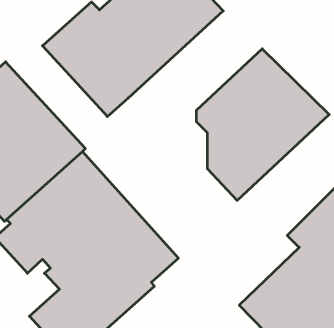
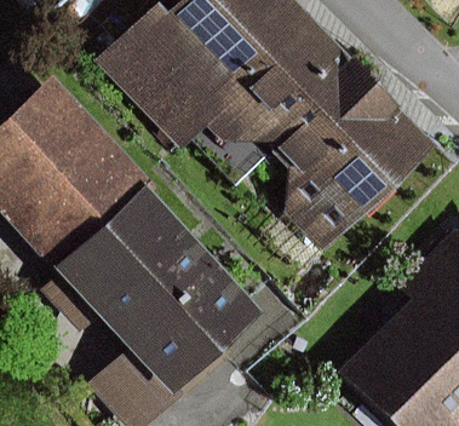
building: none -> [203,16,366,144]

